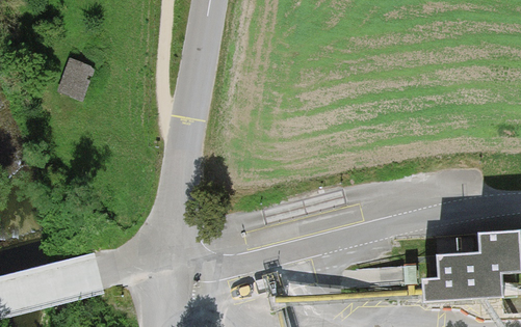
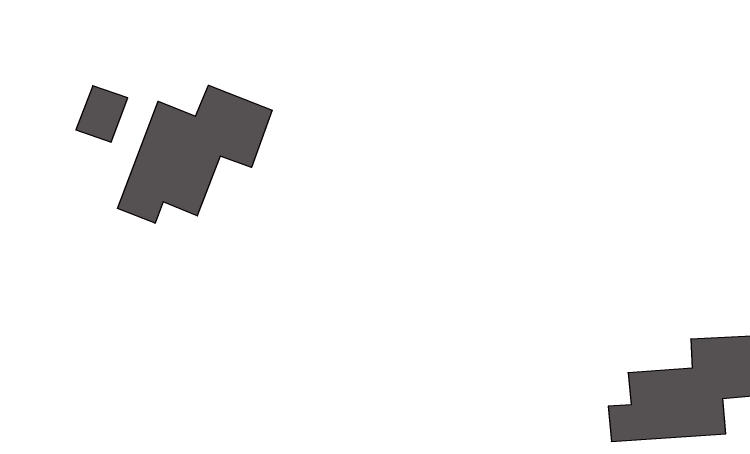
building: none -> [118,85,272,223]

